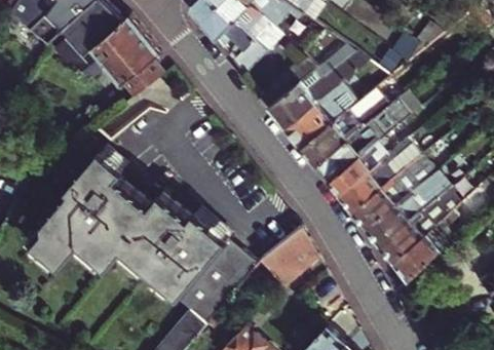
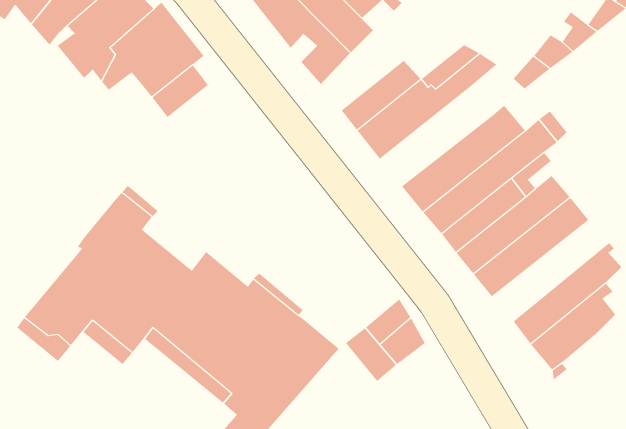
building: [284,77,366,148] -> none
building: [365,171,449,244] -> none

